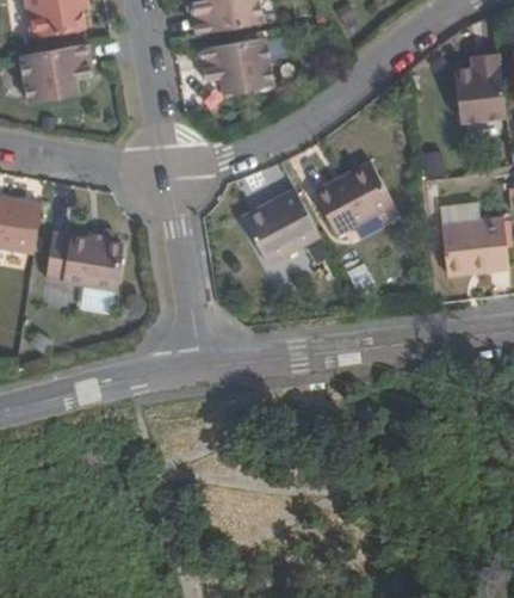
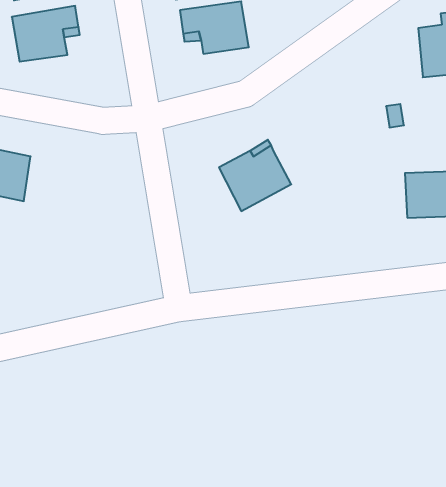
building: [314,164,394,238] -> none
building: [45,232,123,312] -> none

